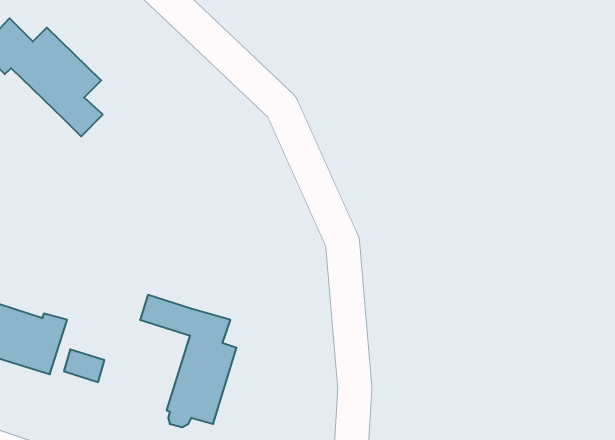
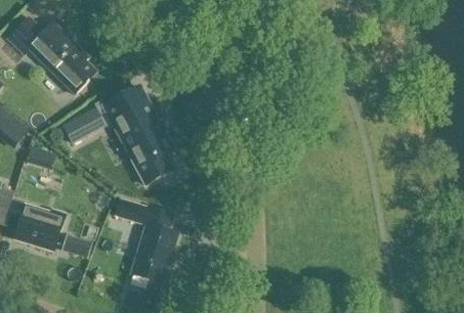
building: none -> [103,91,174,184]
building: none -> [64,107,103,140]

